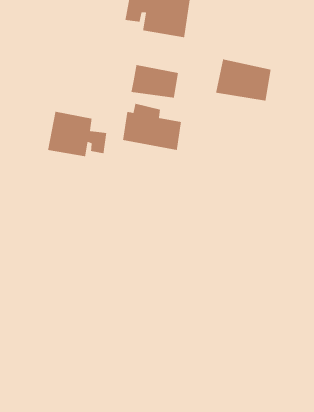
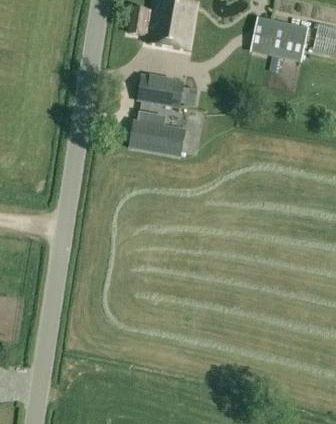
building: [215,59,271,101] -> [250,17,304,58]
building: [47,111,107,157] -> none

